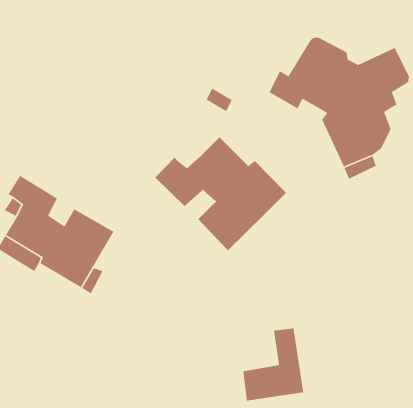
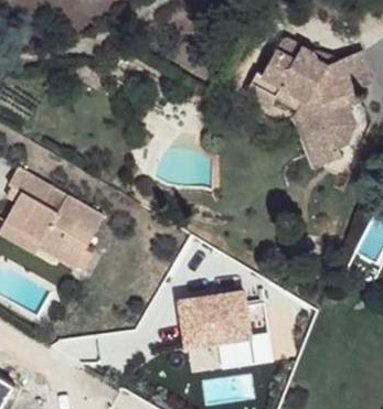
building: [154,137,287,251] -> none
building: none -> [181,291,252,345]

